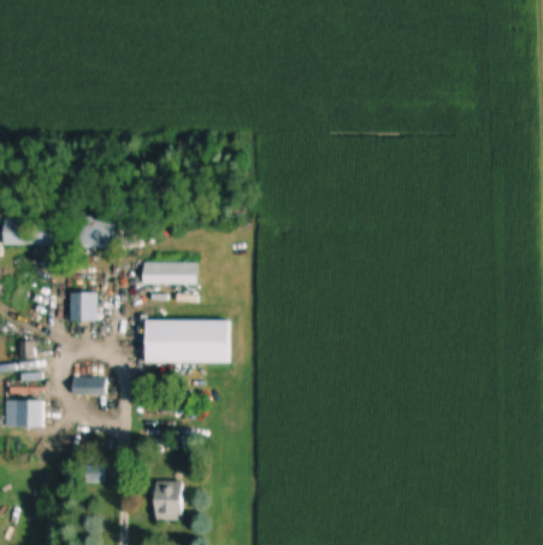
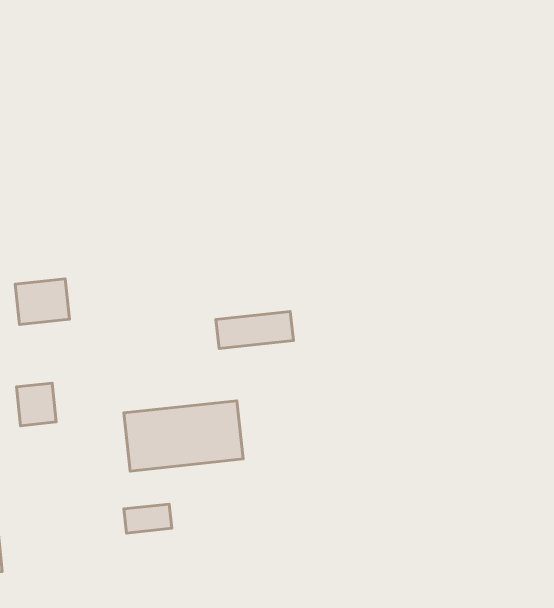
building: [141,262,196,283] -> [216,311,293,349]
building: [71,376,105,394] -> [124,504,172,533]

